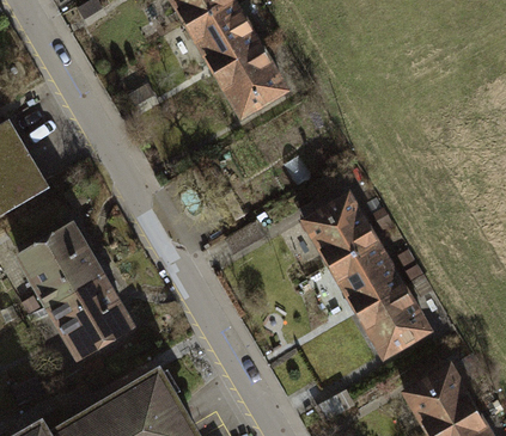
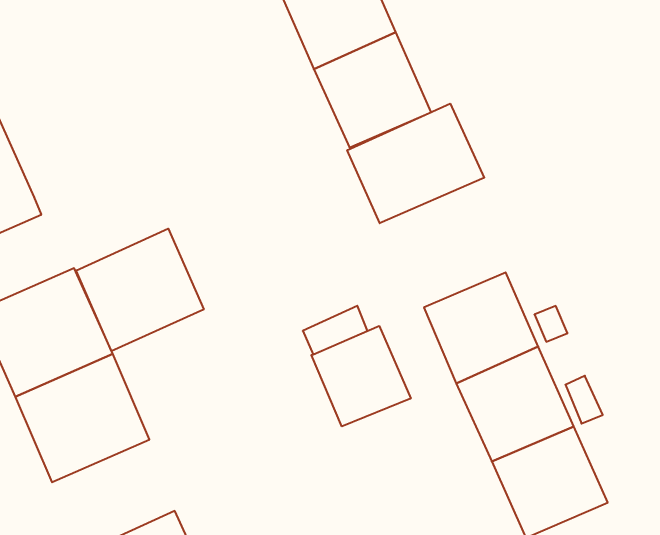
building: none -> [347,104,484,223]
building: none -> [76,229,204,351]
building: none -> [311,326,411,426]

